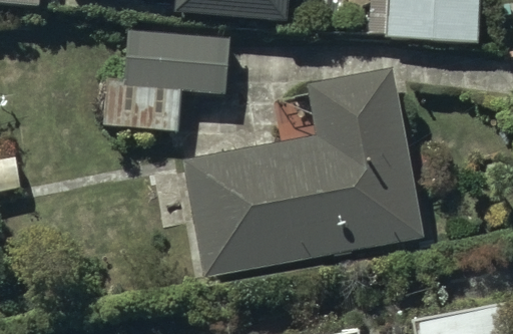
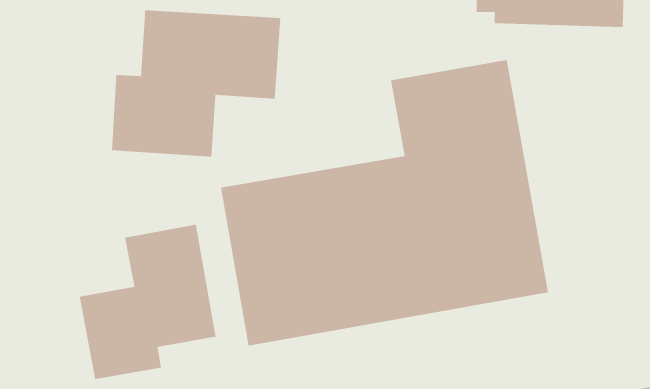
building: none -> [79,224,216,380]

